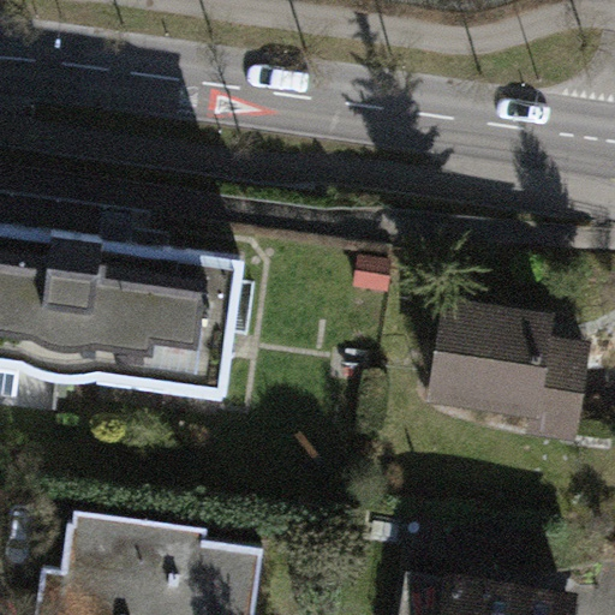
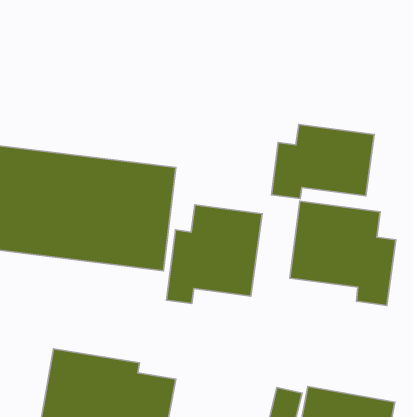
building: none -> [272,125,374,198]
building: none -> [166,205,262,304]

